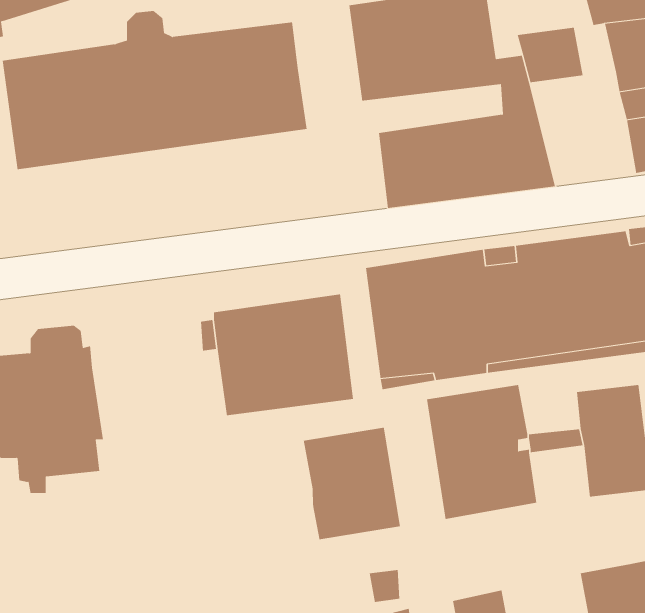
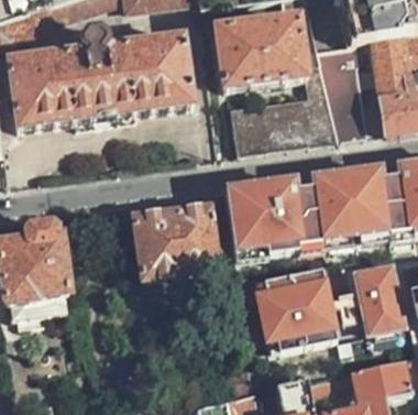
building: none -> [322,70,367,136]
building: [303,427,400,540] -> none

